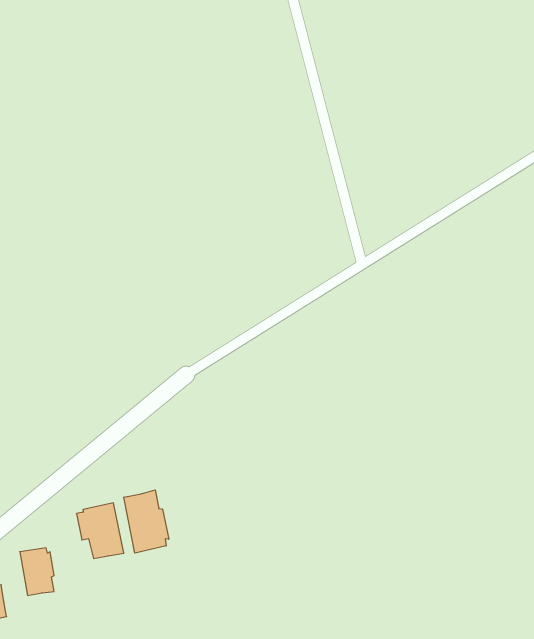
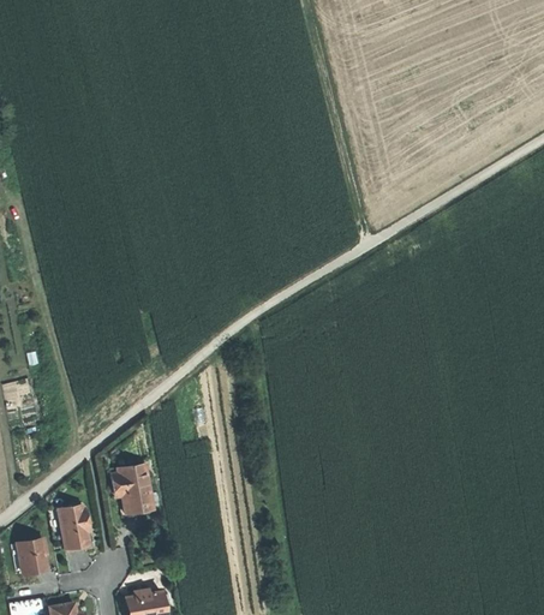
building: [124,490,169,553] -> none

